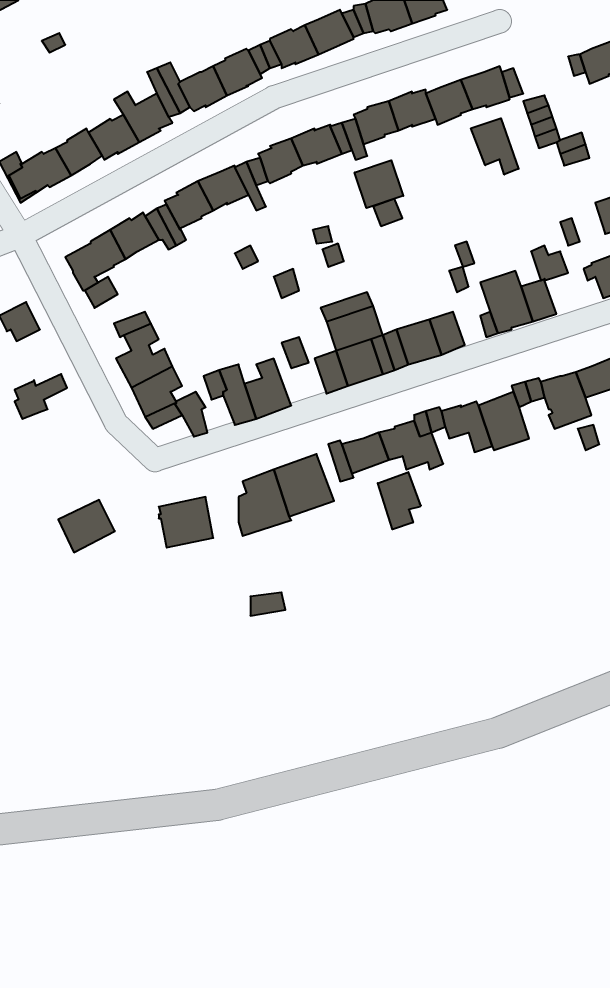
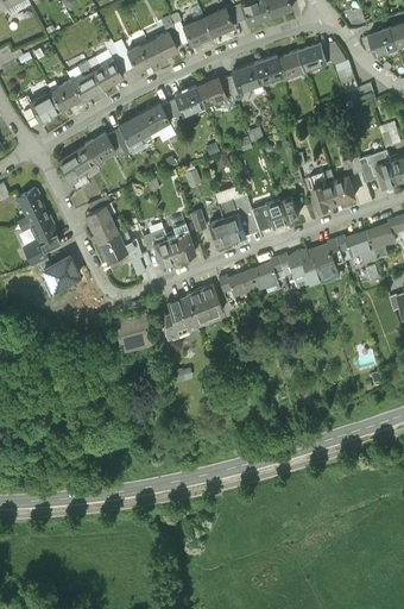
building: [471,118,519,175] -> none
building: [355,160,403,208] -> none
building: none -> [27,206,55,240]
building: [378,472,421,529] -> none
building: [58,500,115,552] -> [43,253,77,285]

